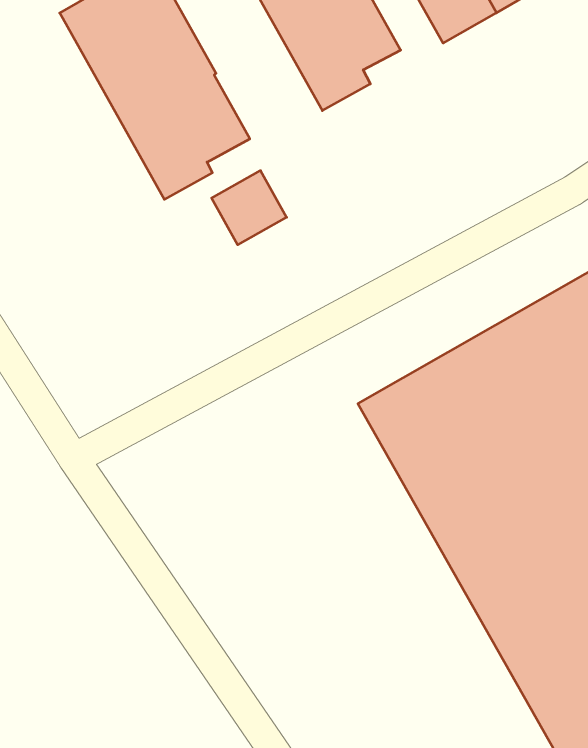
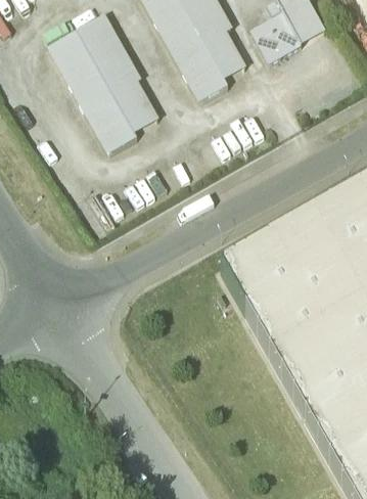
building: [212,171,287,245] -> none

